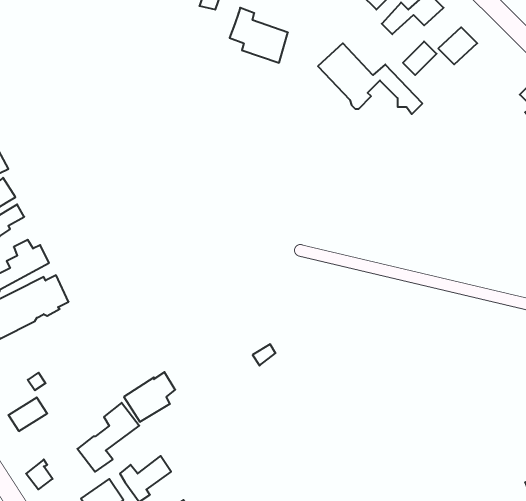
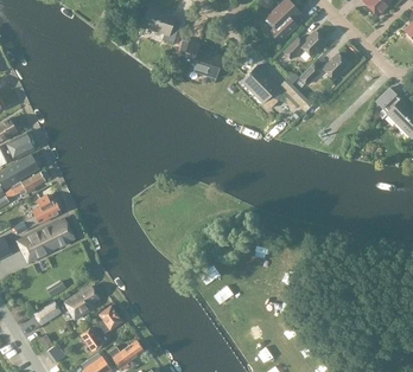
building: [124,372,175,422] -> [63,286,97,319]

